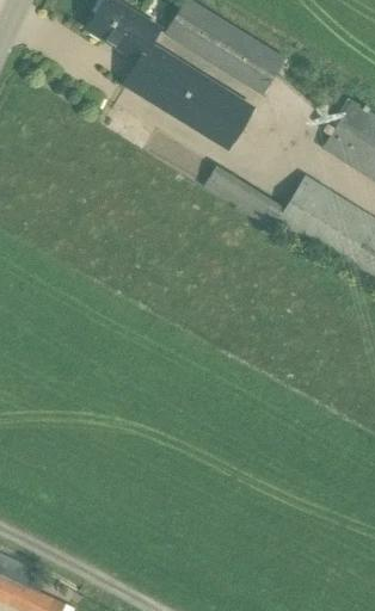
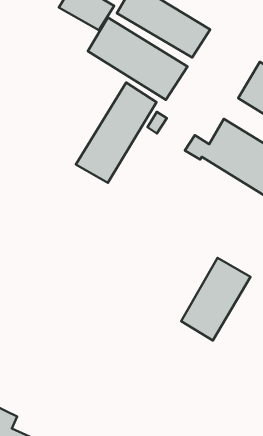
building: none -> [76,83,157,183]
building: none -> [181,258,251,340]

